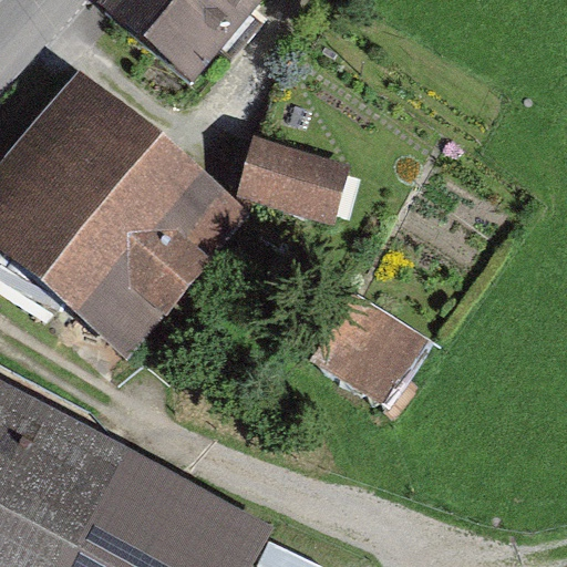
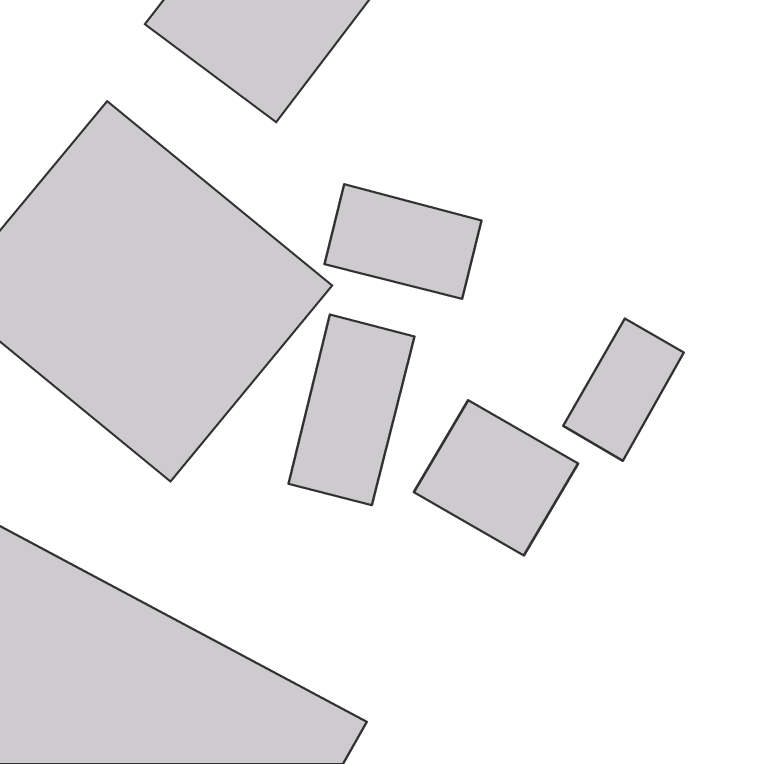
building: none -> [289,314,414,505]
building: none -> [563,319,684,461]

